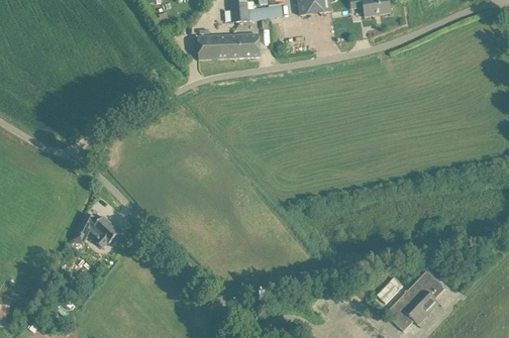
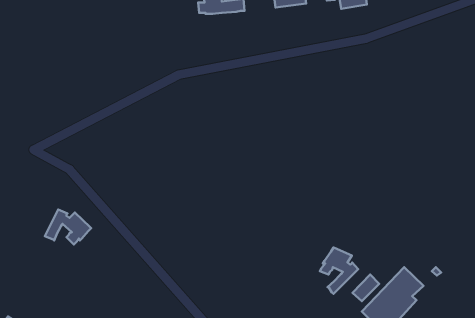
building: [197,32,260,59] -> none
building: none -> [320,247,358,294]

